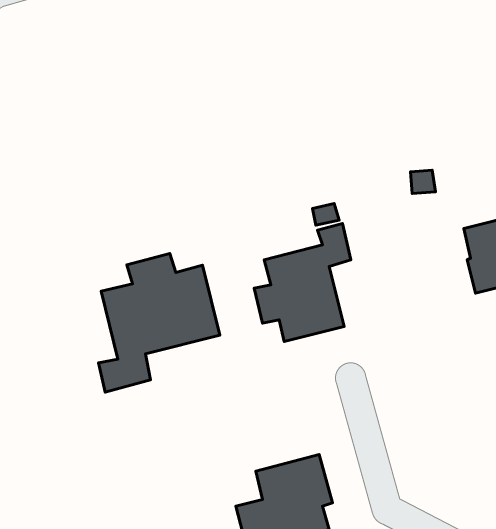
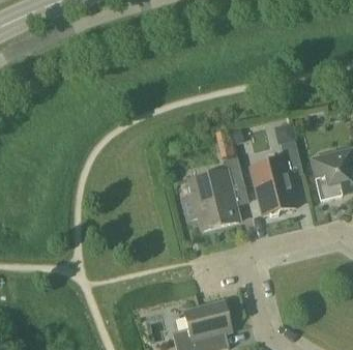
building: none -> [252,139,302,213]
building: [98,253,220,392] -> none

